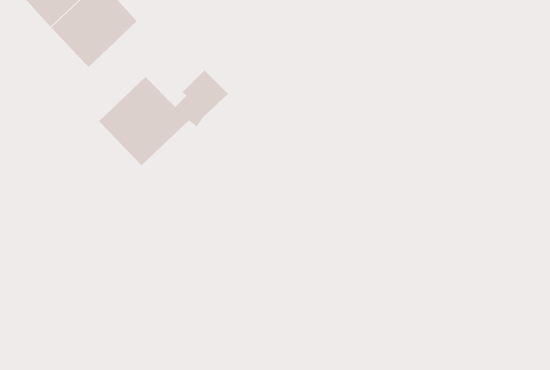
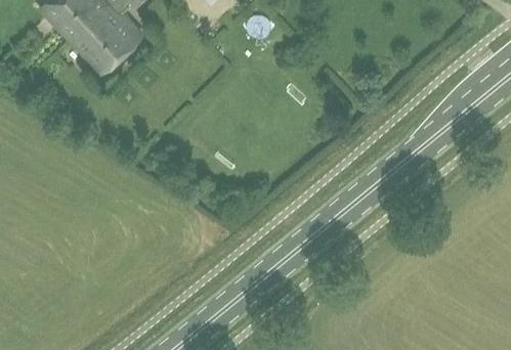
building: [98,69,229,166] -> none

